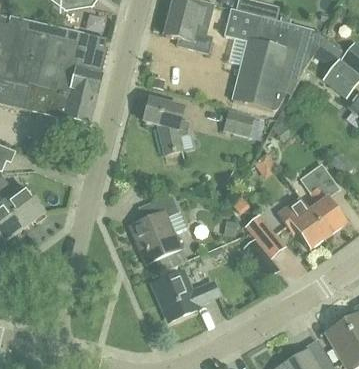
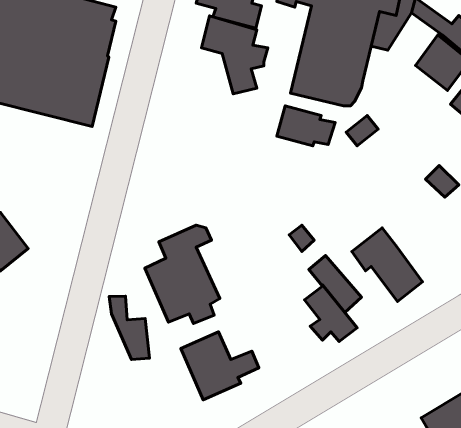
building: [142,98,190,154] -> [201,16,268,94]
building: [299,163,346,236] -> none
building: none -> [109,296,150,359]

